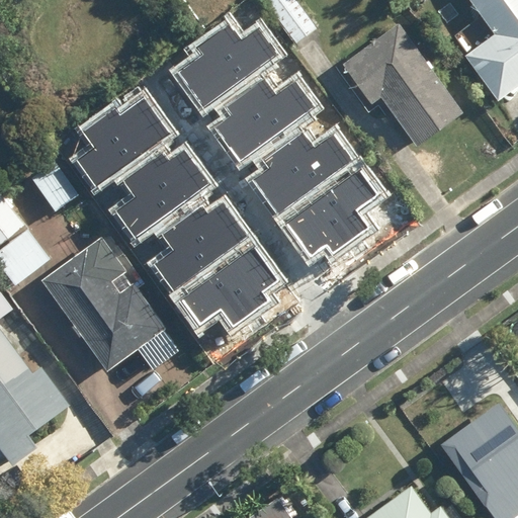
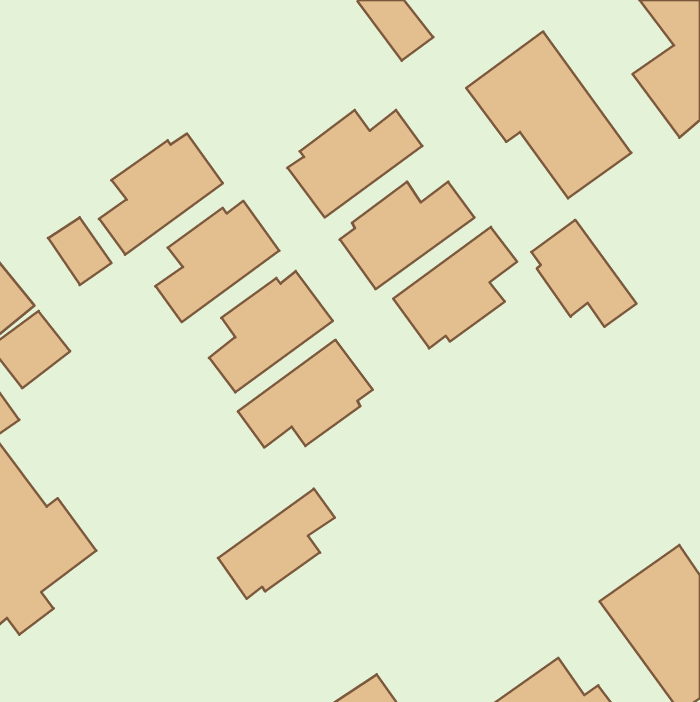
building: [177,28,275,106] -> none
building: none -> [531,220,636,327]
building: [44,239,180,372] -> none
building: none -> [218,489,335,599]

